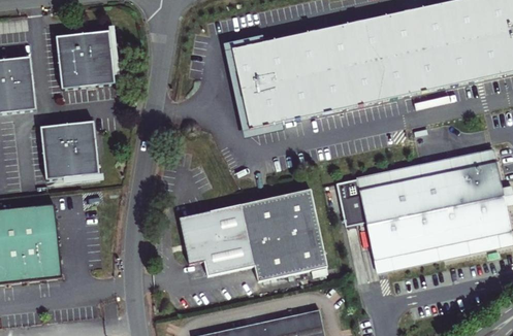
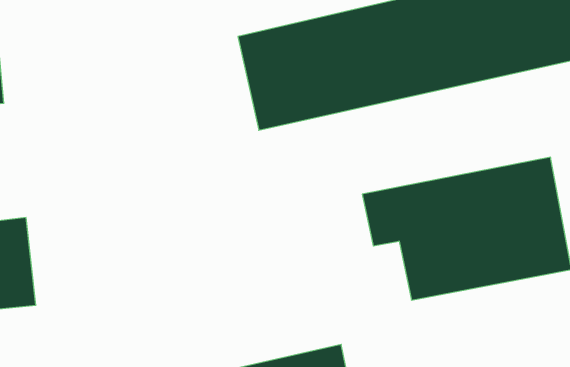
building: [59,28,117,85] -> none
building: [42,120,100,177] -> none
building: [178,188,326,280] -> none

